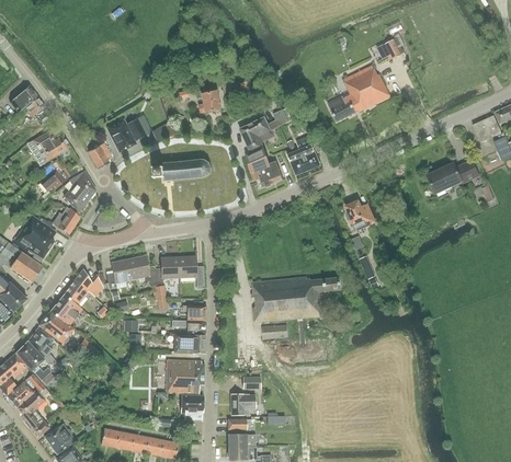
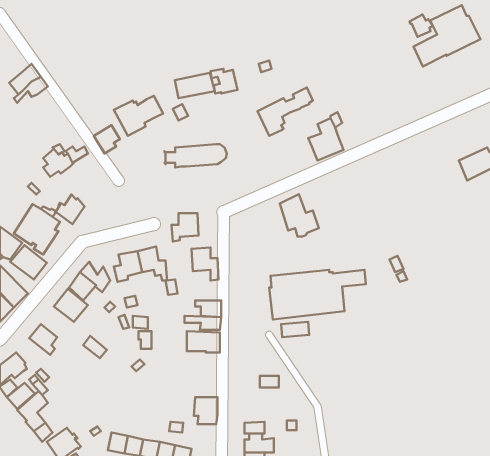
building: [328,63,390,120] -> [414,5,481,66]
building: none -> [175,73,215,98]
building: [33,130,70,161] -> none
building: [246,146,282,185] -> [280,194,319,236]
building: [64,170,95,211] -> none
building: [345,200,376,230] -> none
building: [155,256,180,282] -> [172,213,199,241]
building: [39,310,73,343] -> none
building: [15,339,55,370] -> none
building: [167,359,204,392] -> none
building: [230,393,256,415] -> none

